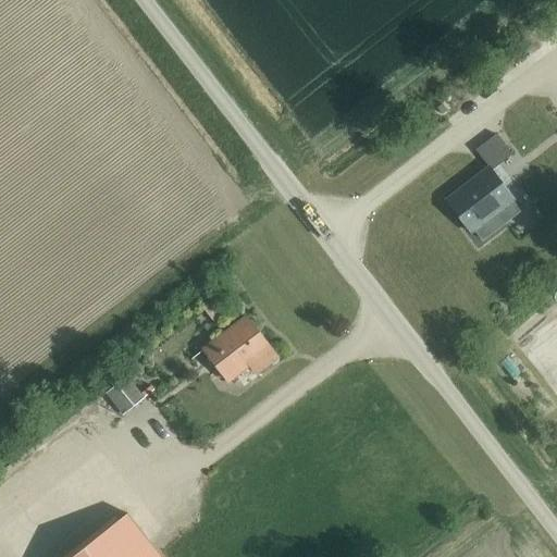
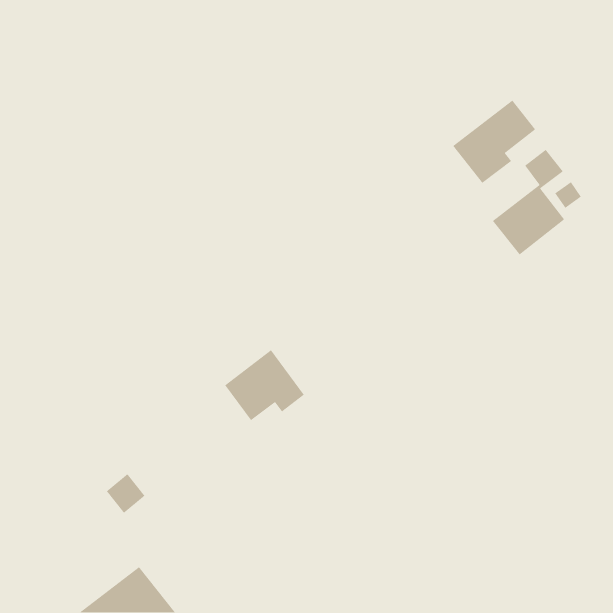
building: none -> [452,100,536,184]
building: [107,377,143,414] -> [106,473,145,514]

